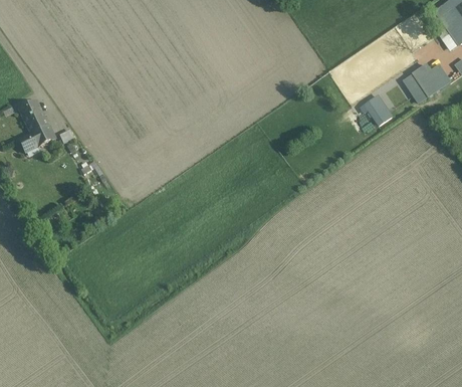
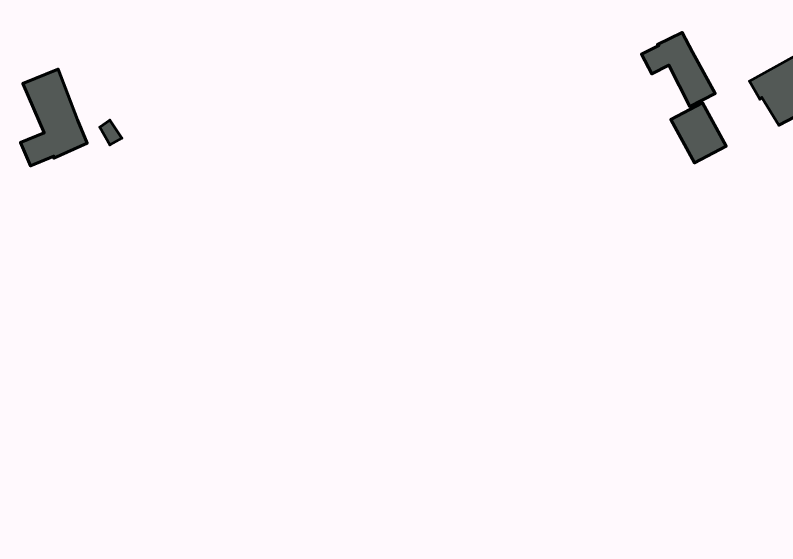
building: none -> [642,33,715,107]

